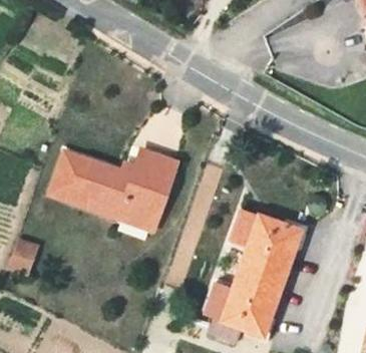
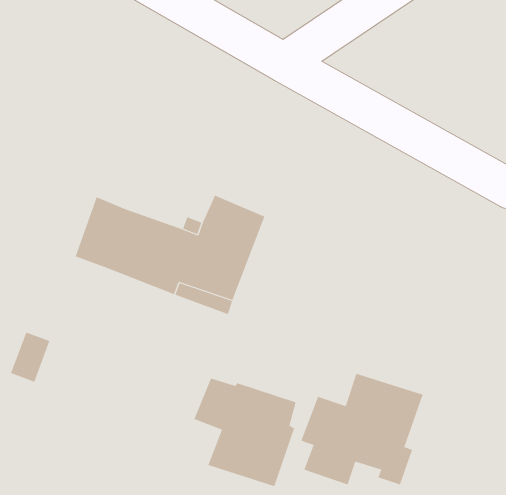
building: [229,211,296,282] -> [194,378,296,487]

